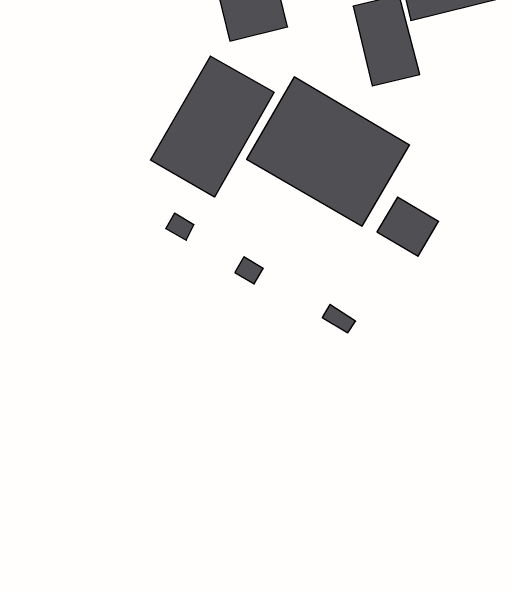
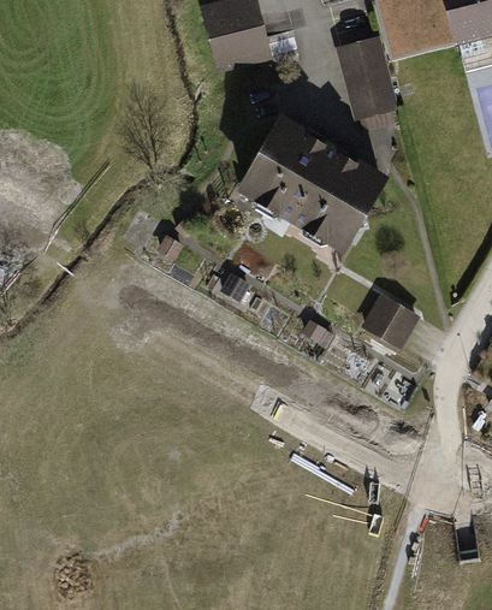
building: [150,56,274,197] -> none
building: [377,197,439,256] -> [360,292,417,348]

